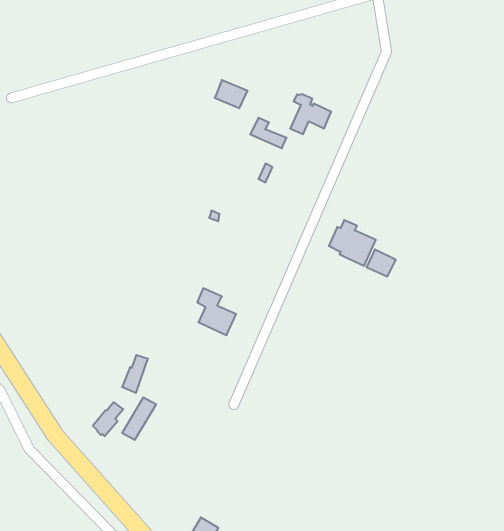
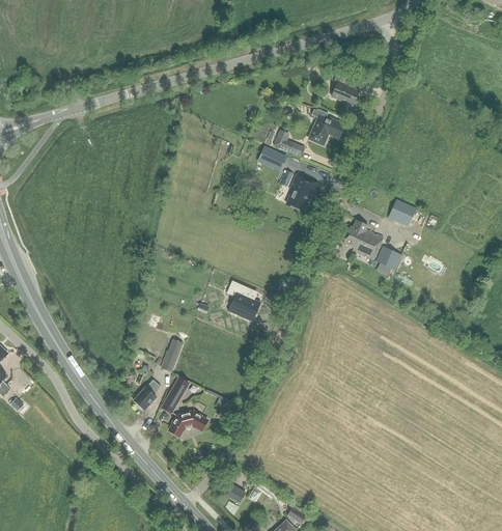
building: none -> [331,74,358,106]
building: [215,80,248,108] -> [259,146,288,171]
building: none -> [286,173,319,212]
building: none -> [388,198,417,226]
building: none -> [169,411,207,437]

